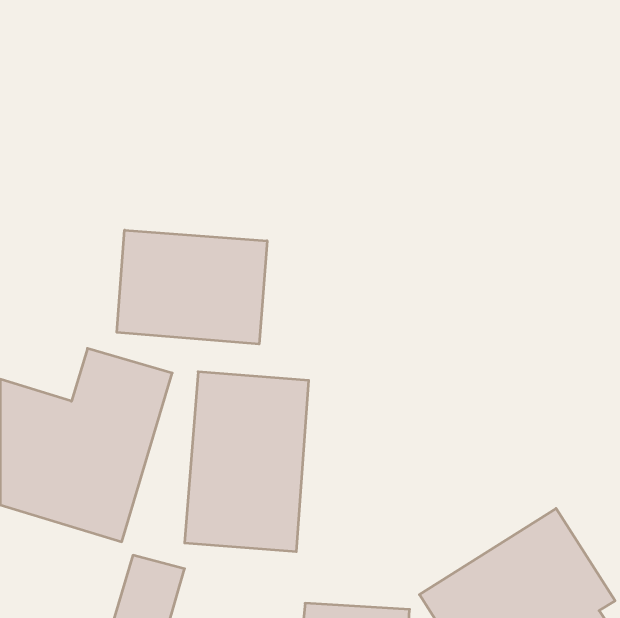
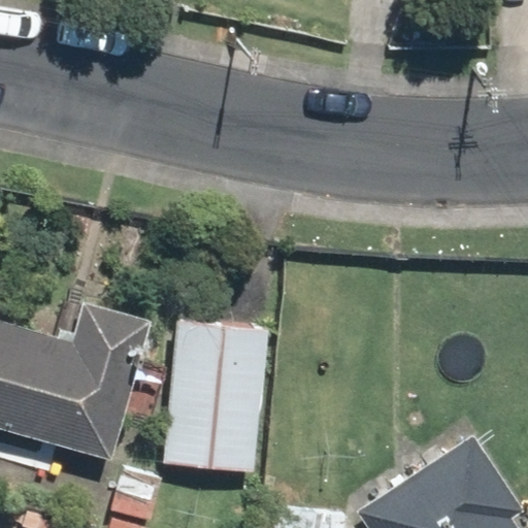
building: [117,230,267,344] -> none

